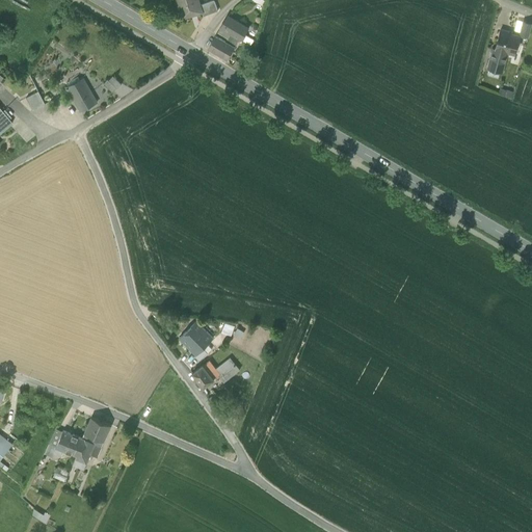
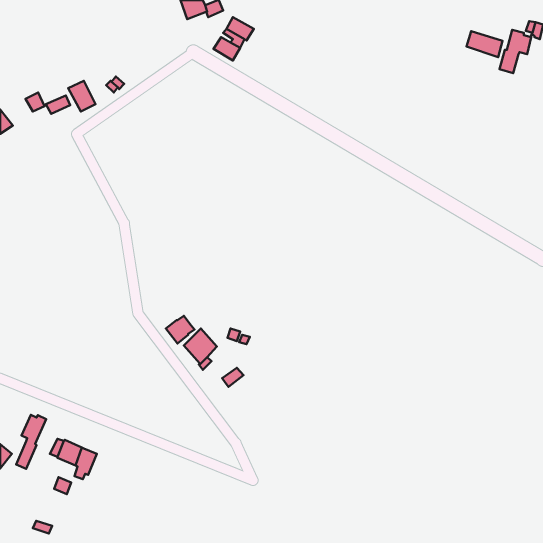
building: none -> [466,31,503,57]
building: [192,361,220,388] -> [166,316,194,343]
building: none -> [16,415,46,469]
building: [82,417,111,447] -> none

